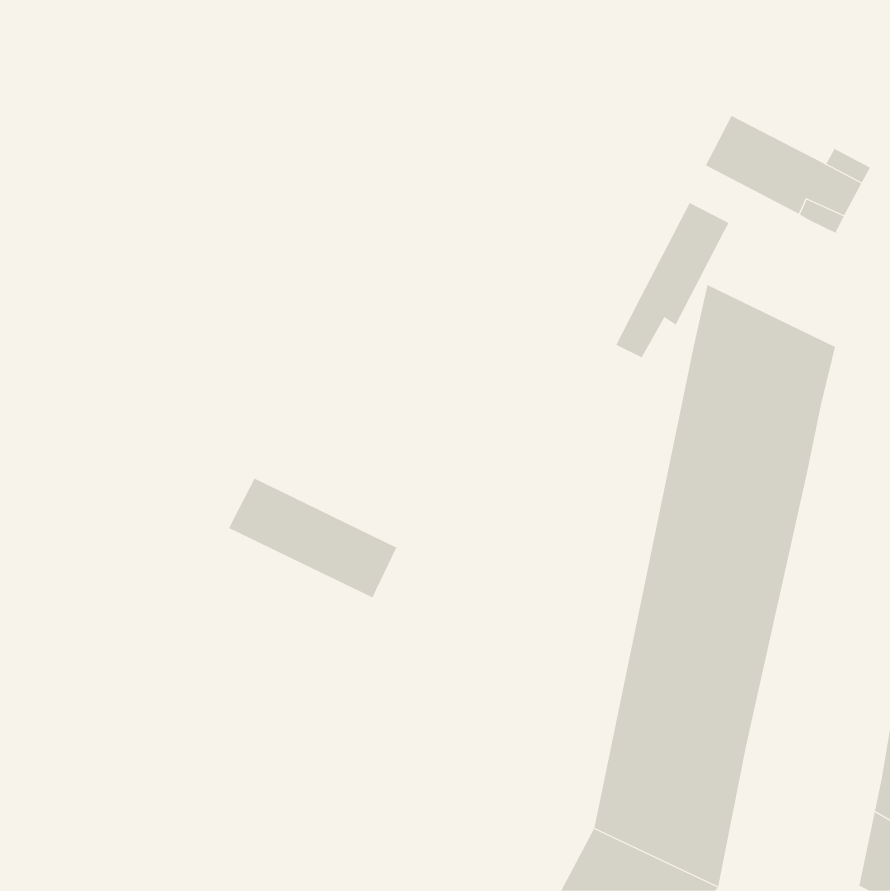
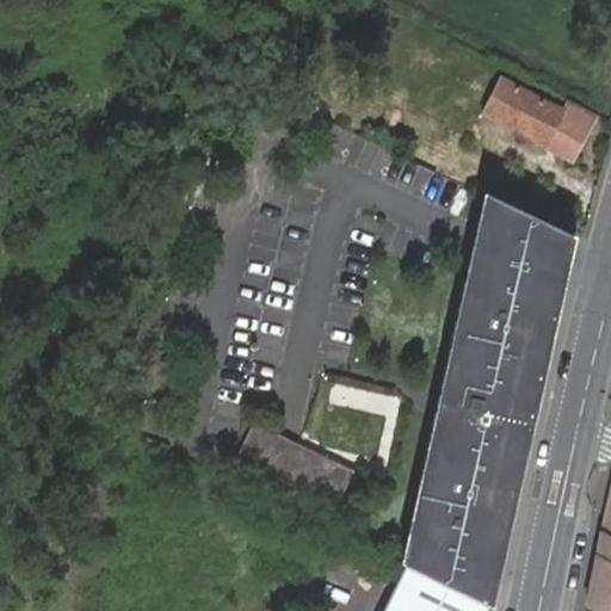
building: [616,202,729,358] -> none
building: [228,478,397,598] -> [236,425,352,507]

